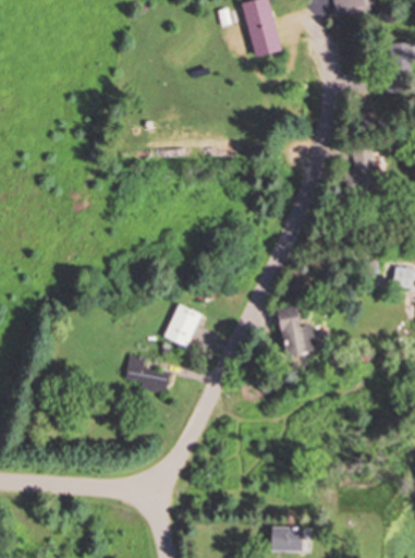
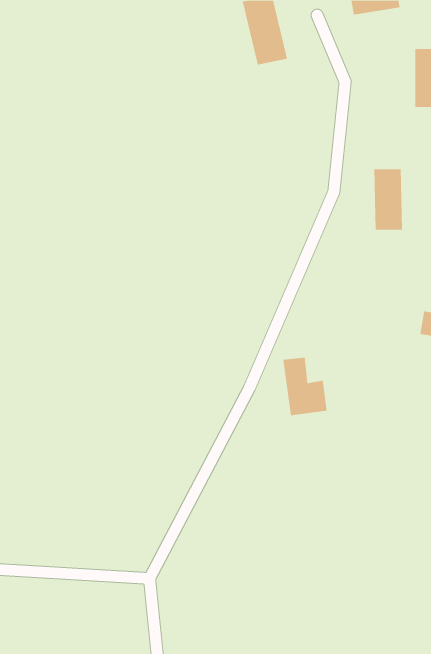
building: [164,303,203,347] -> none
building: [125,353,172,391] -> none
building: [271,526,304,551] -> none

